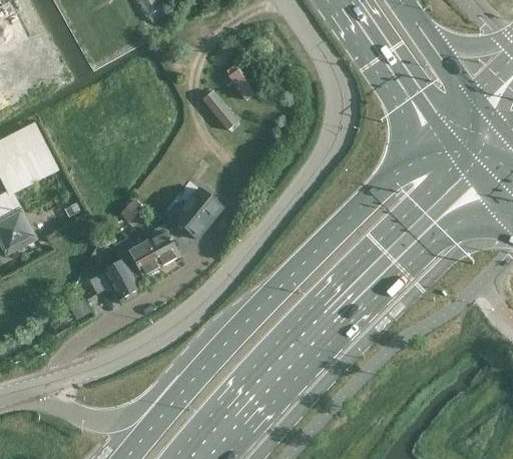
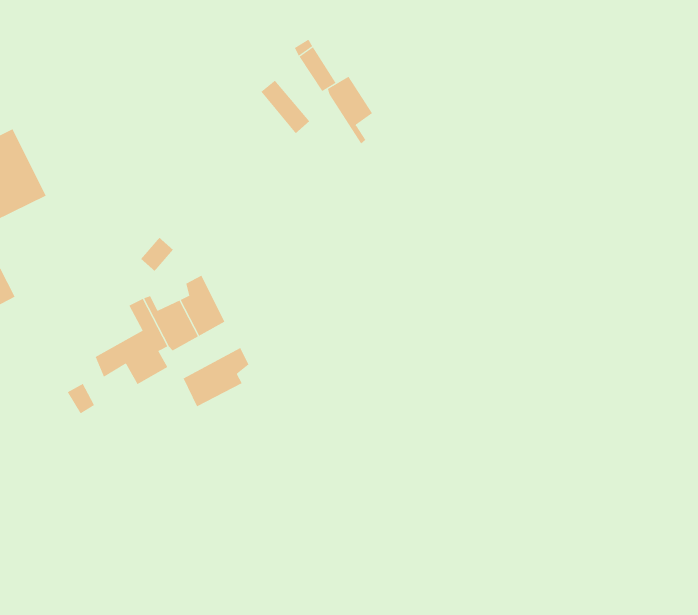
building: none -> [327,76,373,144]
building: [166,187,221,238] -> none
building: none -> [183,347,249,407]

